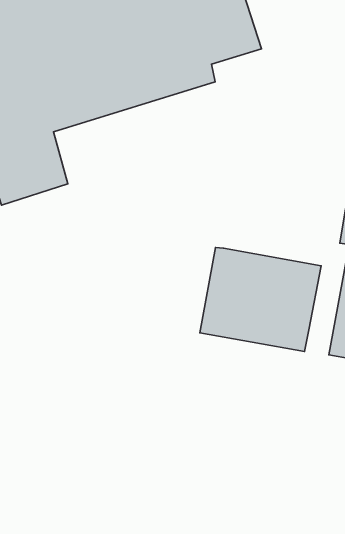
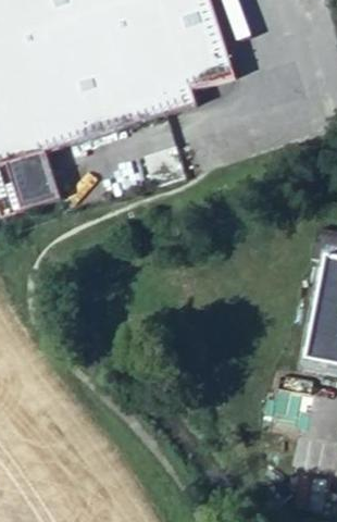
building: [200,247,321,352] -> none

